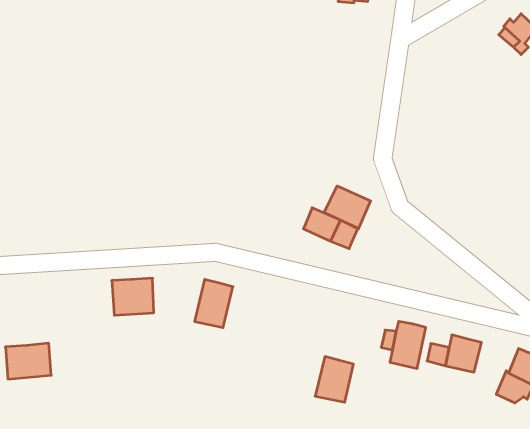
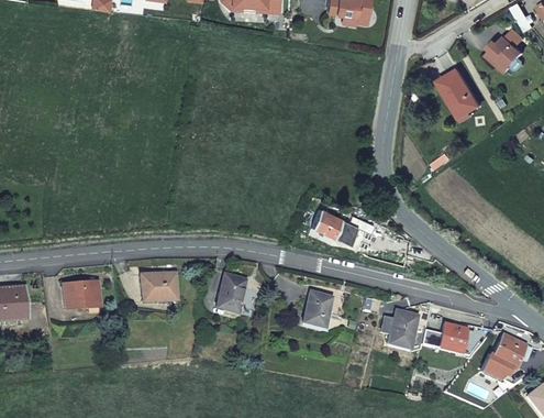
building: none -> [437,69,479,118]
building: [324,186,371,229] -> none
building: [5,343,51,379] -> [62,279,102,311]
building: [315,357,353,402] -> [301,289,335,330]

